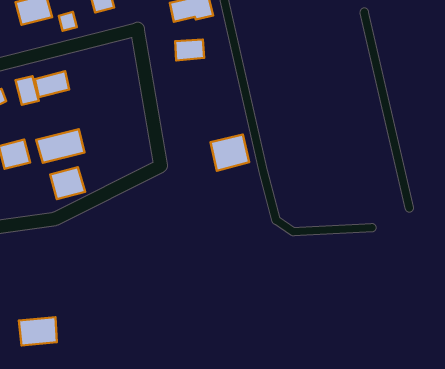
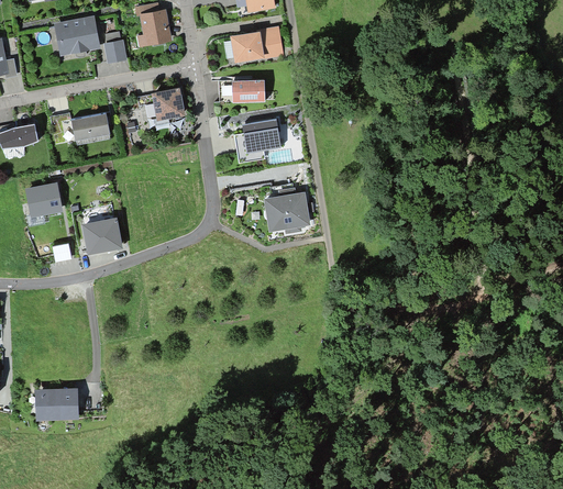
building: none -> [152,90,180,119]
building: none -> [231,115,279,160]
building: [36,129,84,163] -> none

